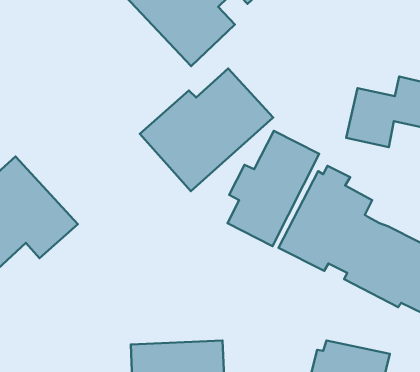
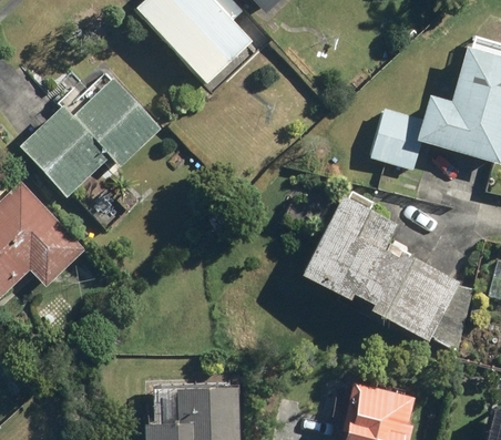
building: [140,69,273,191] -> [20,74,162,205]
building: [227,131,319,246] -> none

